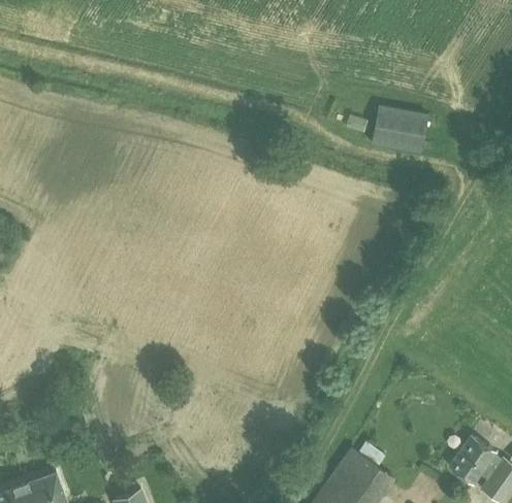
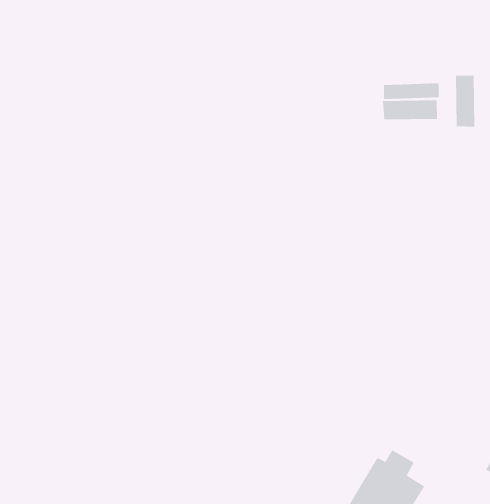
building: none -> [456,75,475,128]

